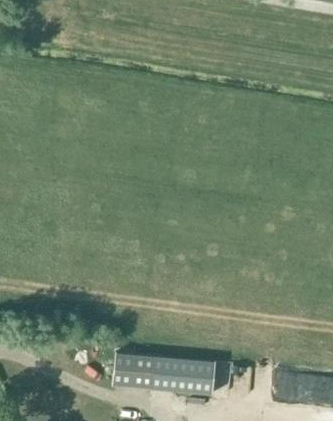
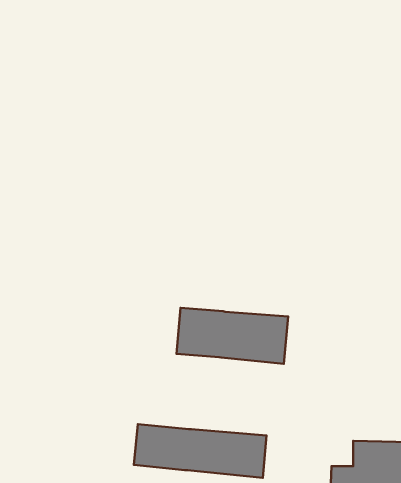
building: none -> [177,308,288,364]

